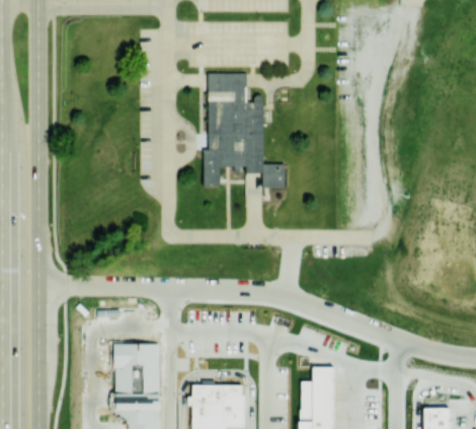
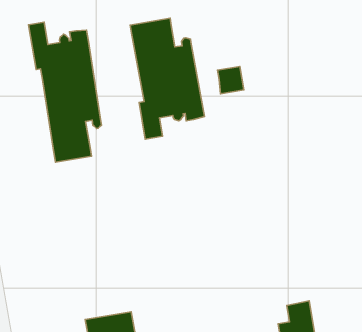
building: none -> [28,22,101,162]
building: [263,164,287,188] -> [217,66,244,94]

